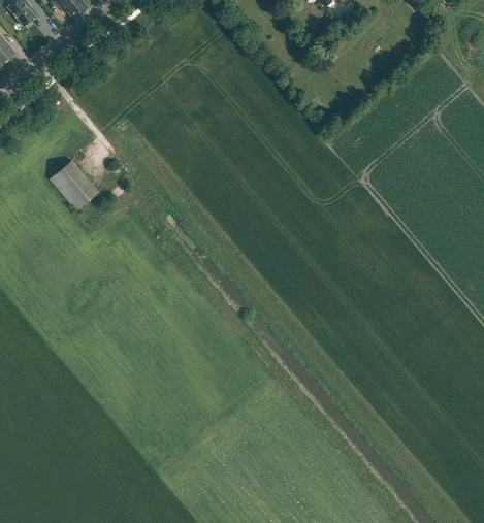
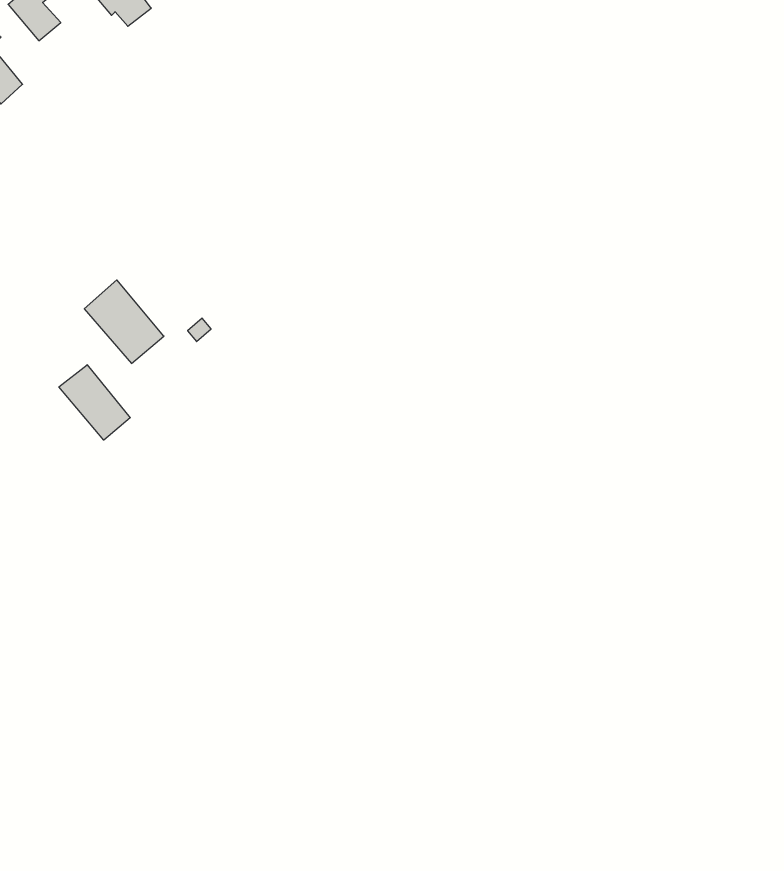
building: none -> [59,365,130,440]

